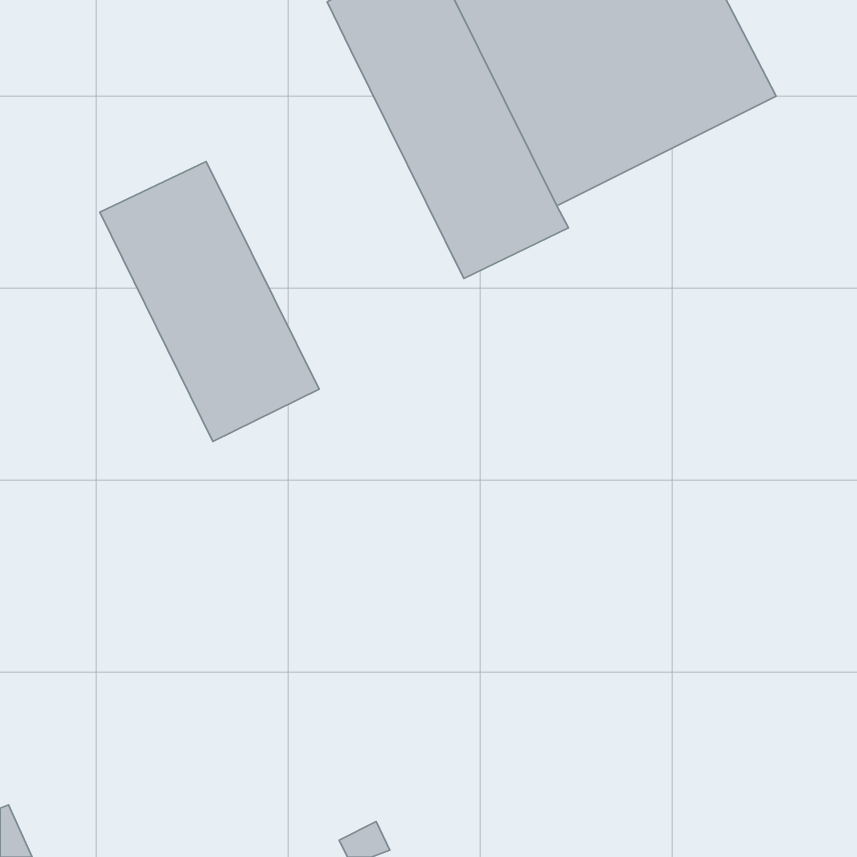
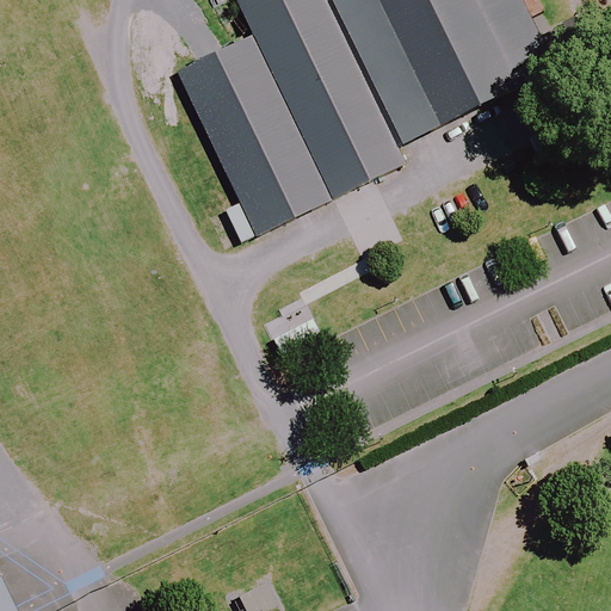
building: [100,162,319,442] -> [177,36,332,234]

